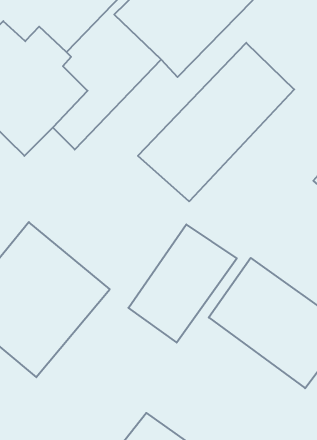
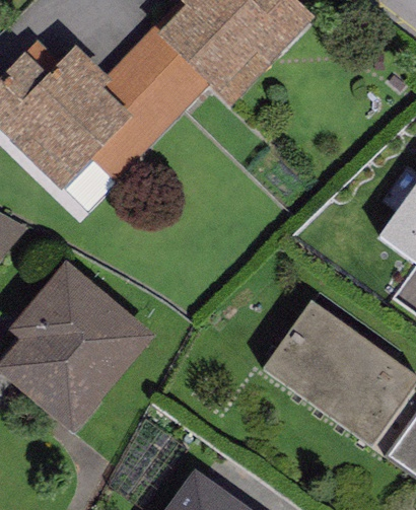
building: [138,43,294,201] -> none
building: [128,224,237,343] -> none

